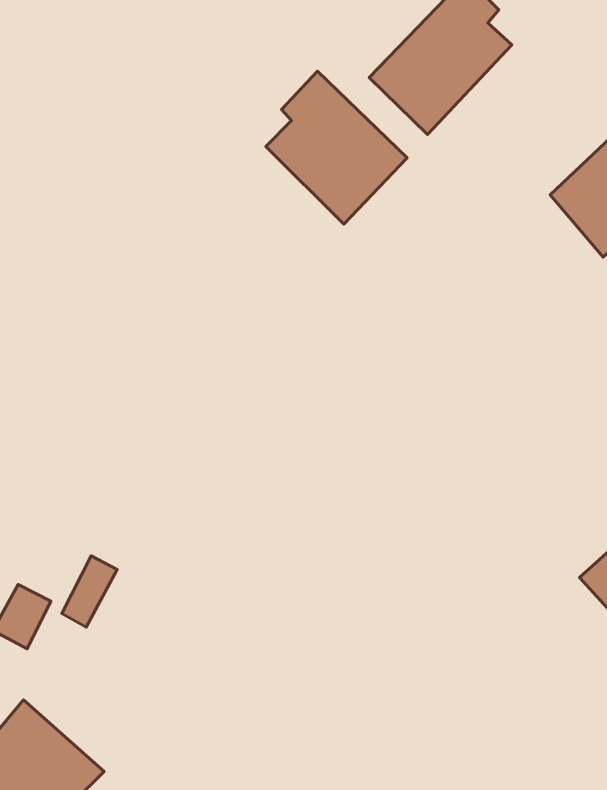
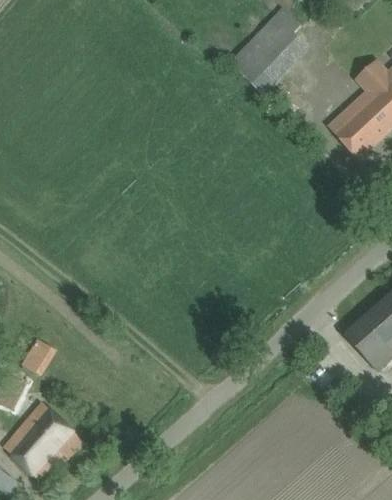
building: [266,71,407,224] -> none
building: [62,556,117,627] -> none

